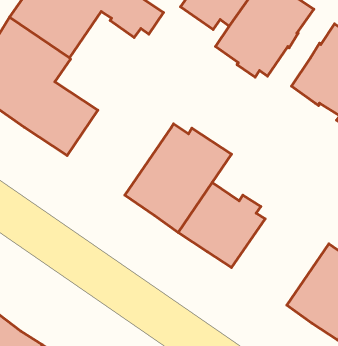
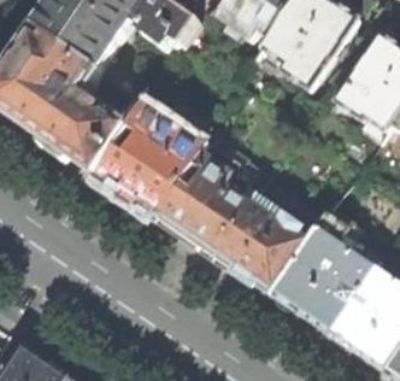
building: none -> [95,100,206,216]
building: none -> [270,212,378,333]

